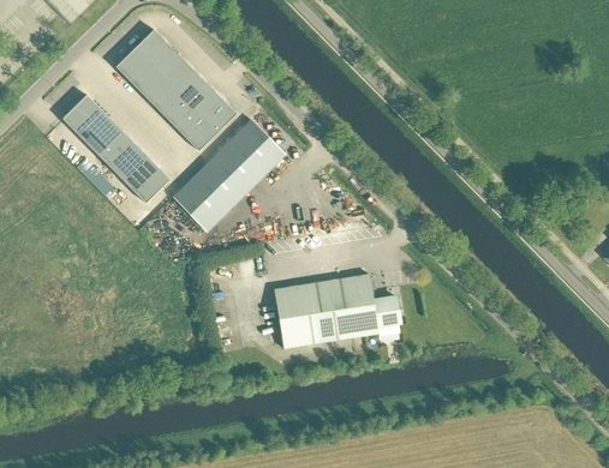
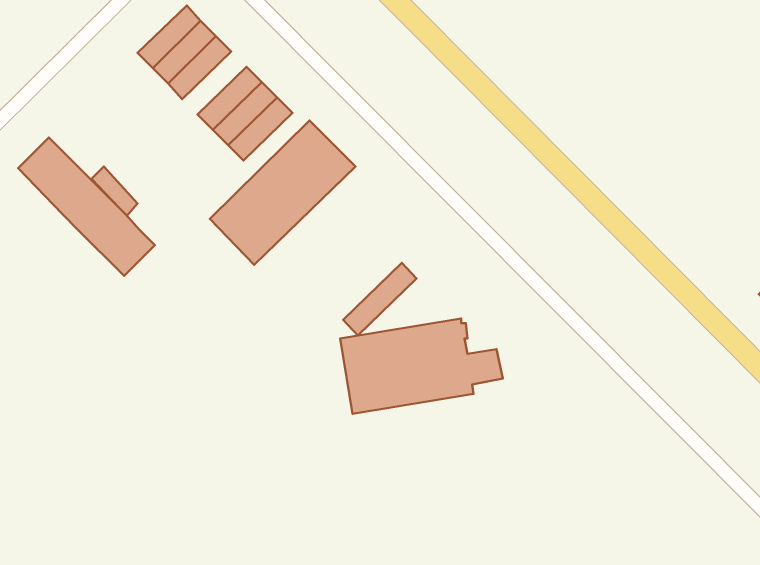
building: [150,65,201,114] -> none
building: [62,95,169,203] -> [18,138,155,276]
building: none -> [343,263,417,336]

